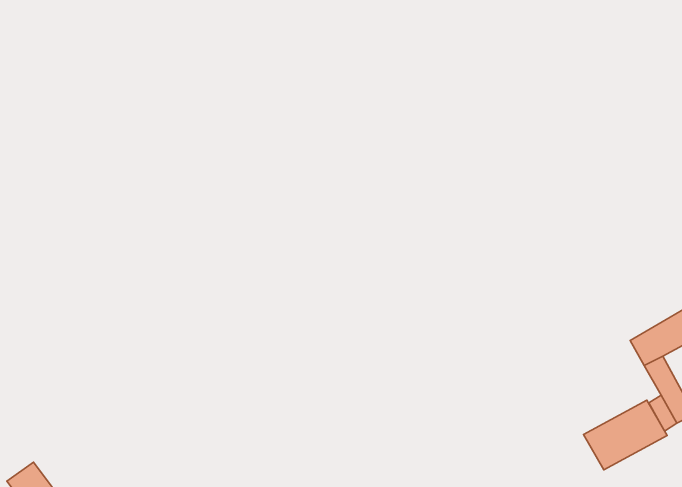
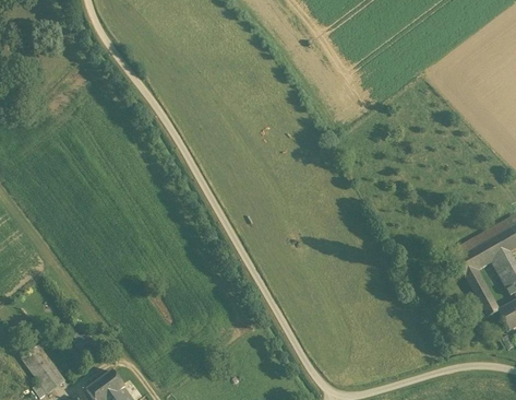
building: [584,400,667,470] -> none

